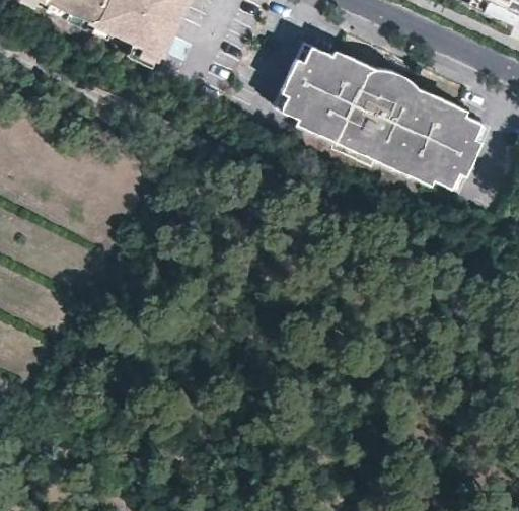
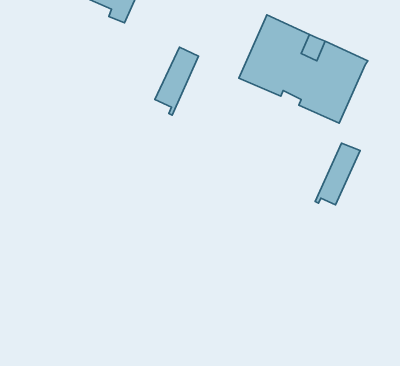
building: [281,45,335,129] -> [155,47,199,115]
building: [426,113,481,189] -> [315,143,360,205]

